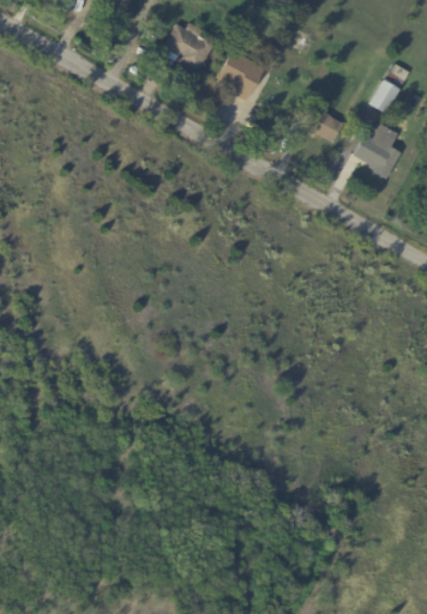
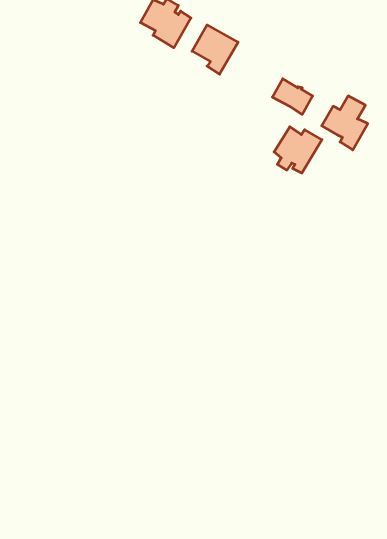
building: [368,78,399,113] -> none
building: none -> [274,127,322,173]

